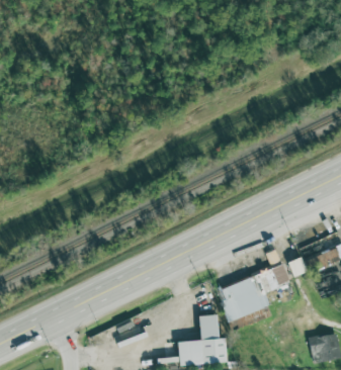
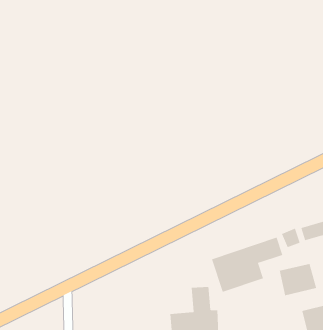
building: none -> [279,263,317,296]

